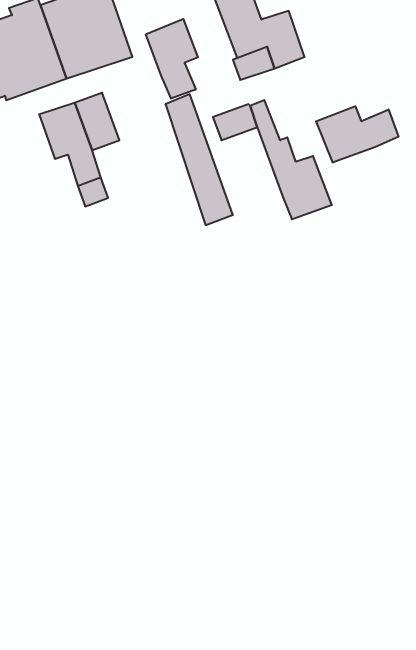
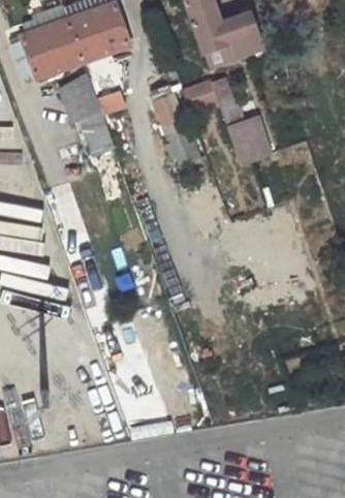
building: [146,19,198,99] -> none
building: [316,106,398,163] -> none

